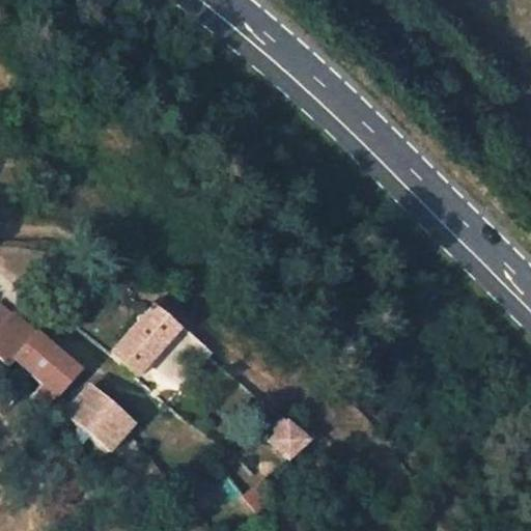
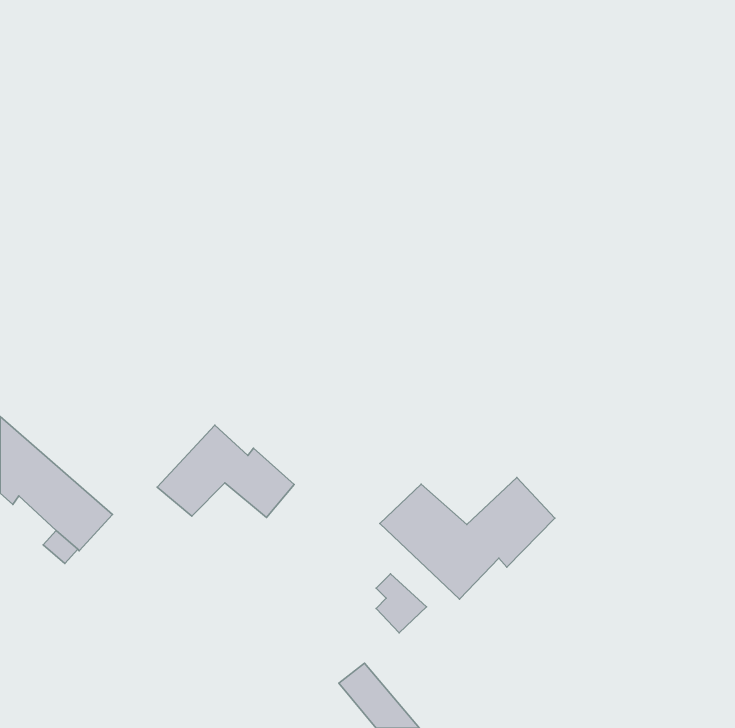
building: none -> [380,478,555,599]
building: [66,386,132,448] -> none

